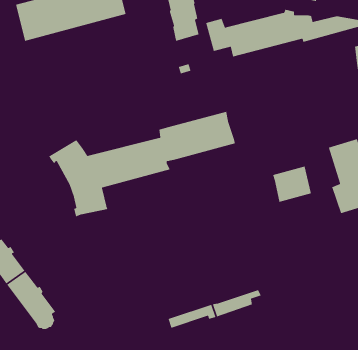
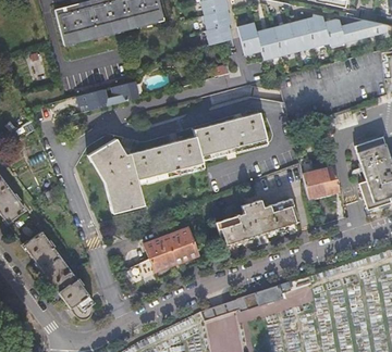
building: none -> [77,81,135,110]
building: none -> [217,198,298,244]
building: none -> [123,227,197,286]

